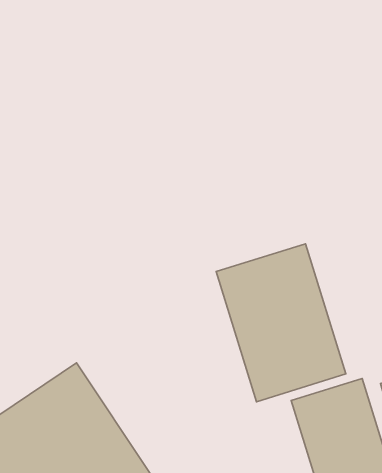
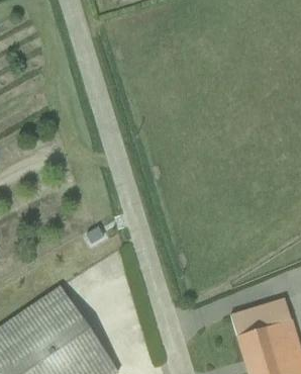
building: [216,244,346,402] -> none

